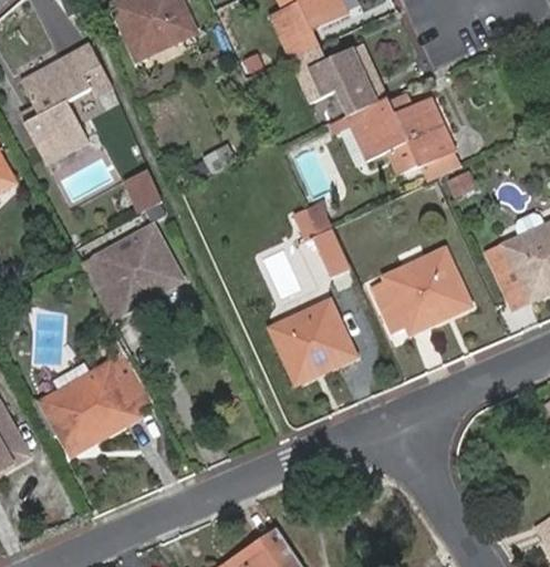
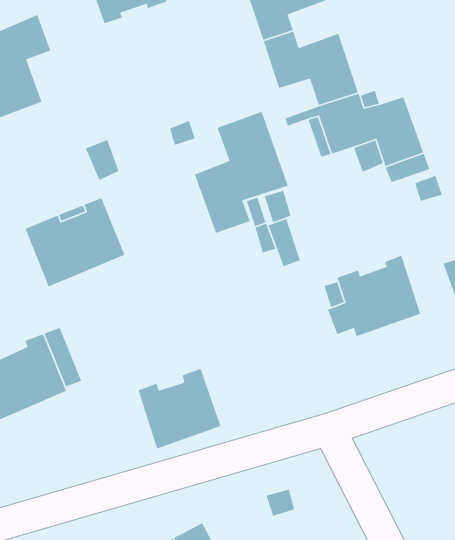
building: [72,47,112,95] -> none
building: none -> [194,111,289,234]
building: [270,299,354,382] -> [137,368,221,450]

